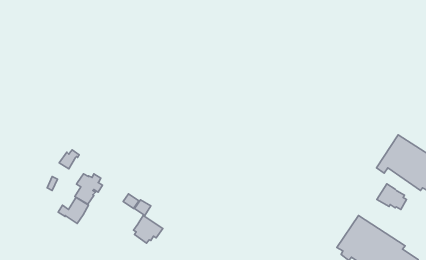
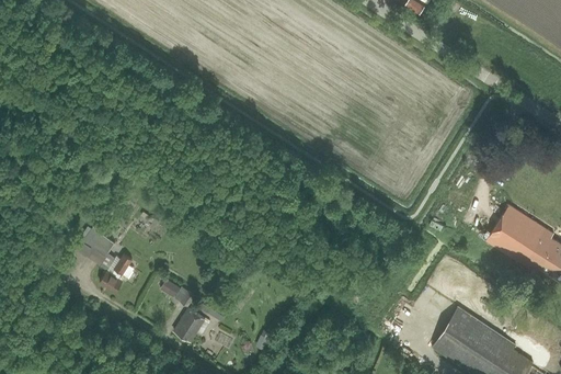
building: [377,184,406,210] -> none
building: [58,197,88,223] -> [79,231,117,264]

